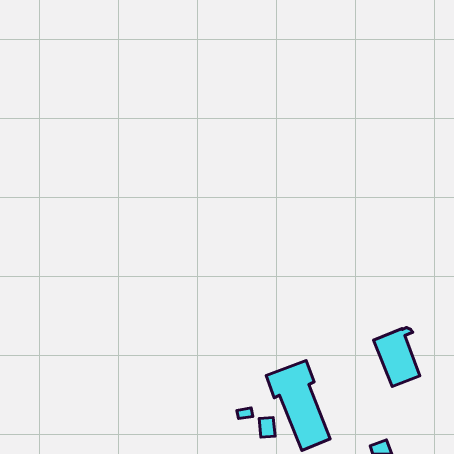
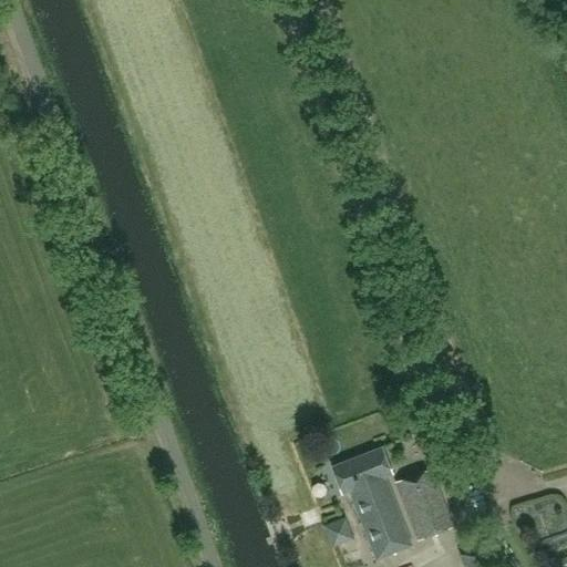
building: [374,328,420,386] -> [396,467,454,540]

